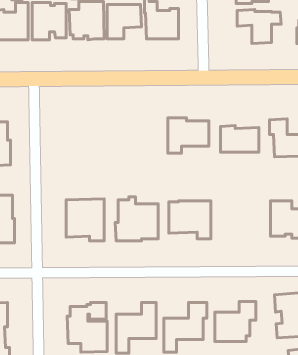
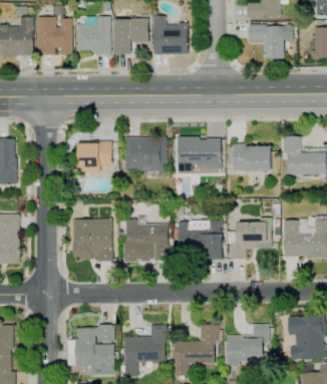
building: none -> [124,136,167,171]
building: none -> [79,141,111,171]
building: none -> [227,217,272,259]

